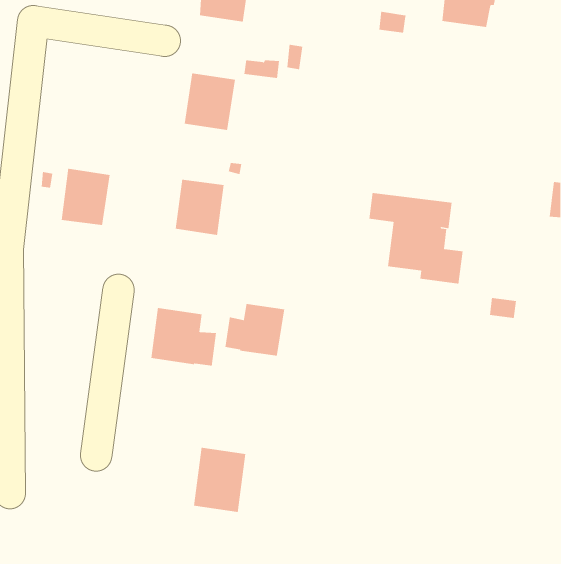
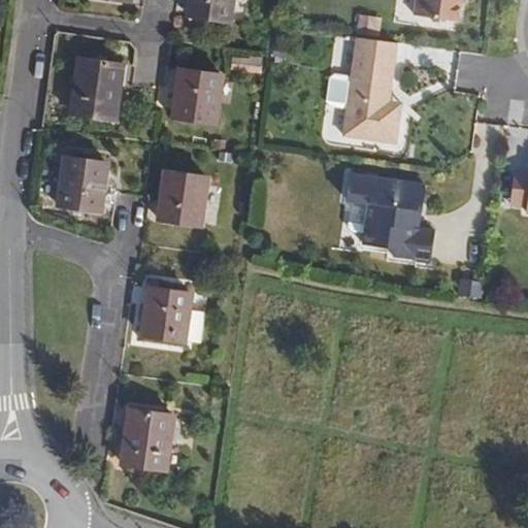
building: none -> [343,35,402,140]
building: none -> [69,56,121,118]
building: [225,303,285,356] -> none
building: [193,447,246,512] -> [121,411,170,472]

